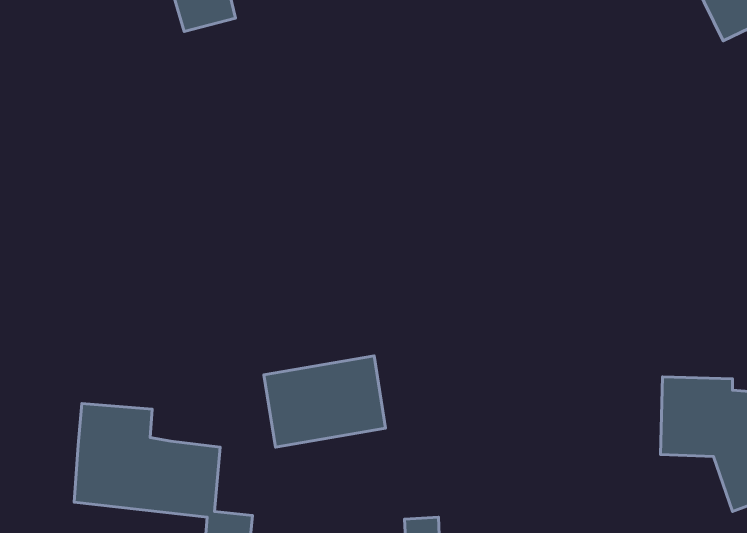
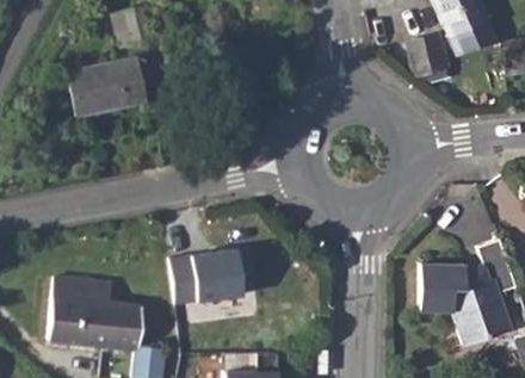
building: none -> [409,33,450,74]
building: none -> [66,57,146,117]

